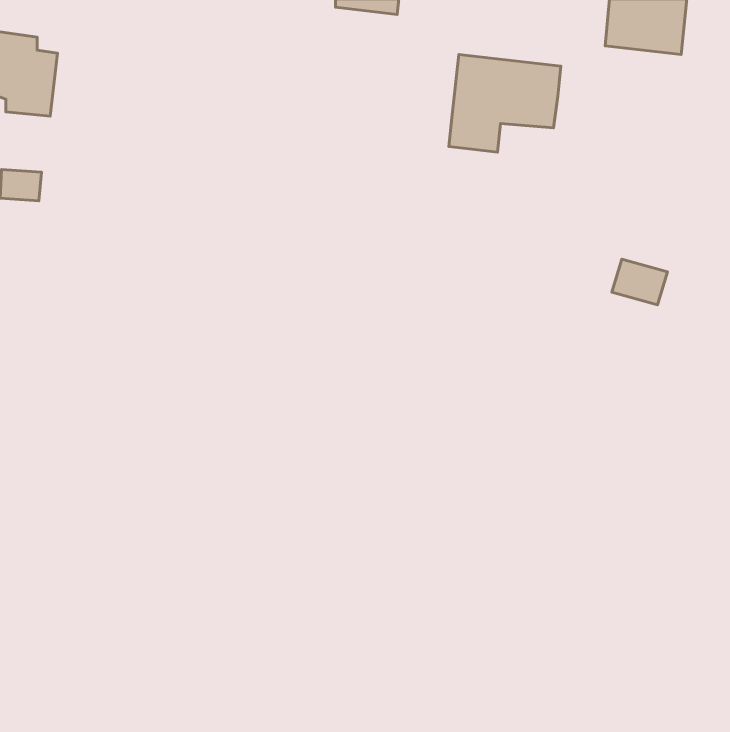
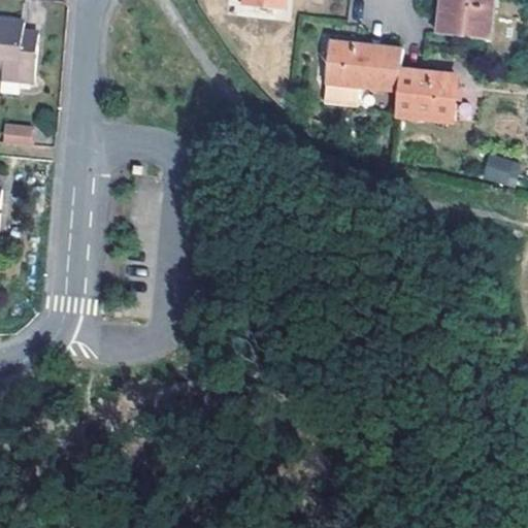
building: none -> [396,69,456,119]
building: [612,259,668,305] -> [480,153,520,186]

